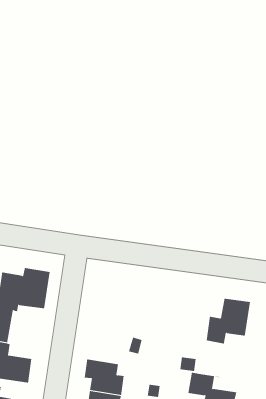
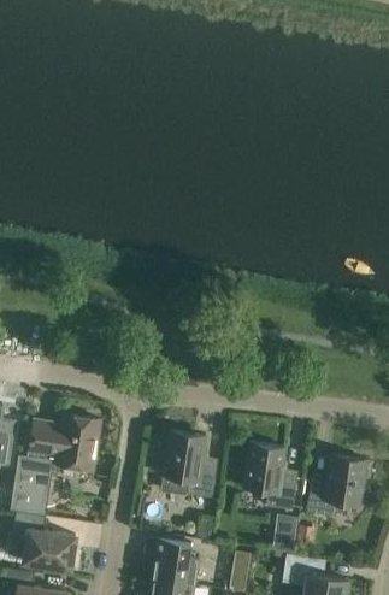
building: none -> [163,432,216,499]
building: none -> [242,444,296,512]

